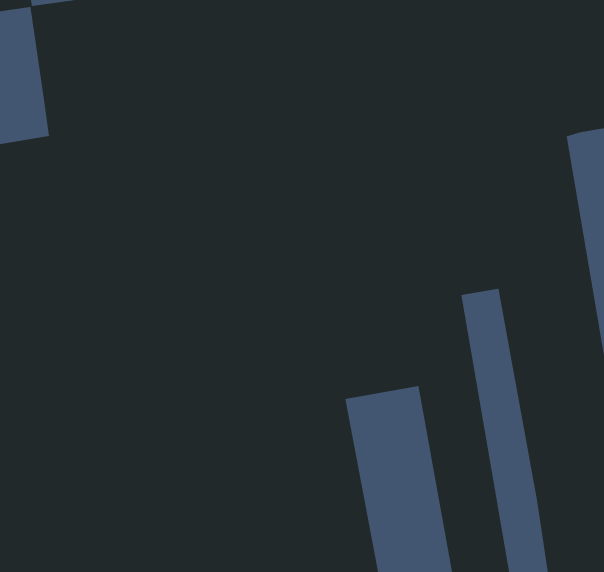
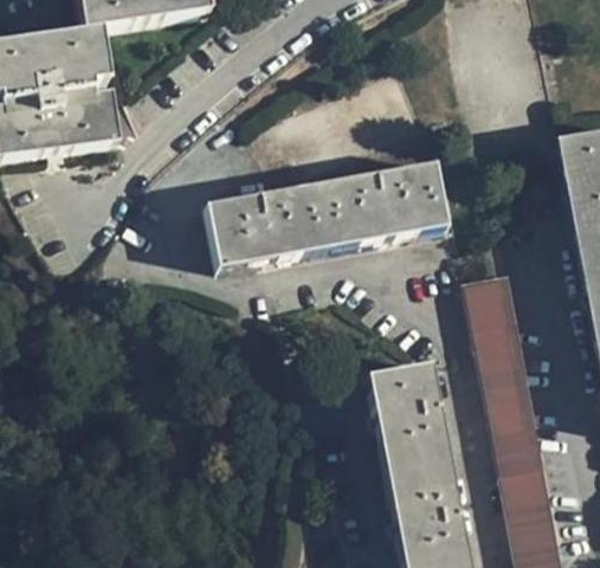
building: none -> [202,159,446,270]

